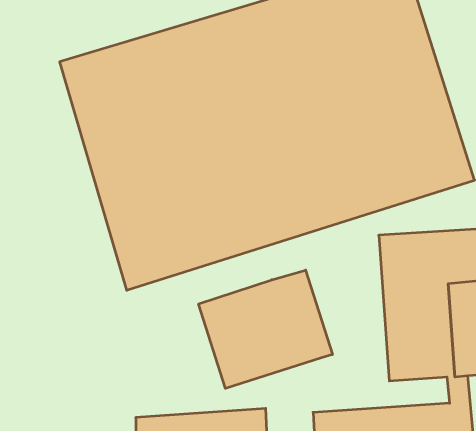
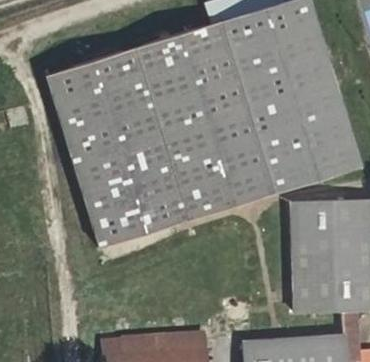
building: [199,270,332,388] -> none

